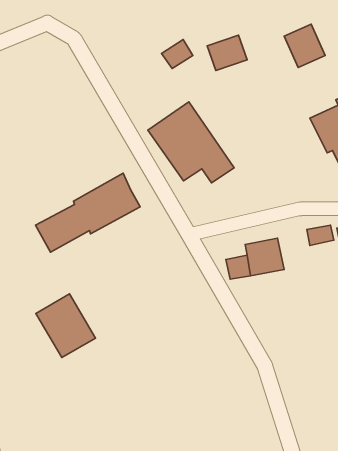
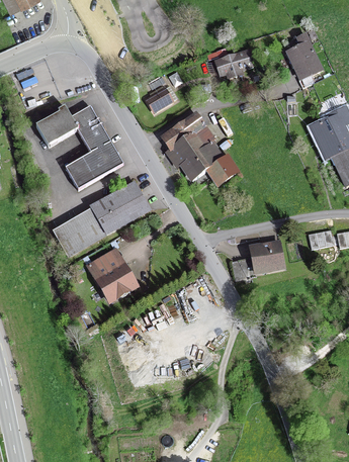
building: [161,39,193,69] -> [143,87,172,114]
building: none -> [33,103,122,189]
building: [36,294,95,358] -> [86,246,142,305]

